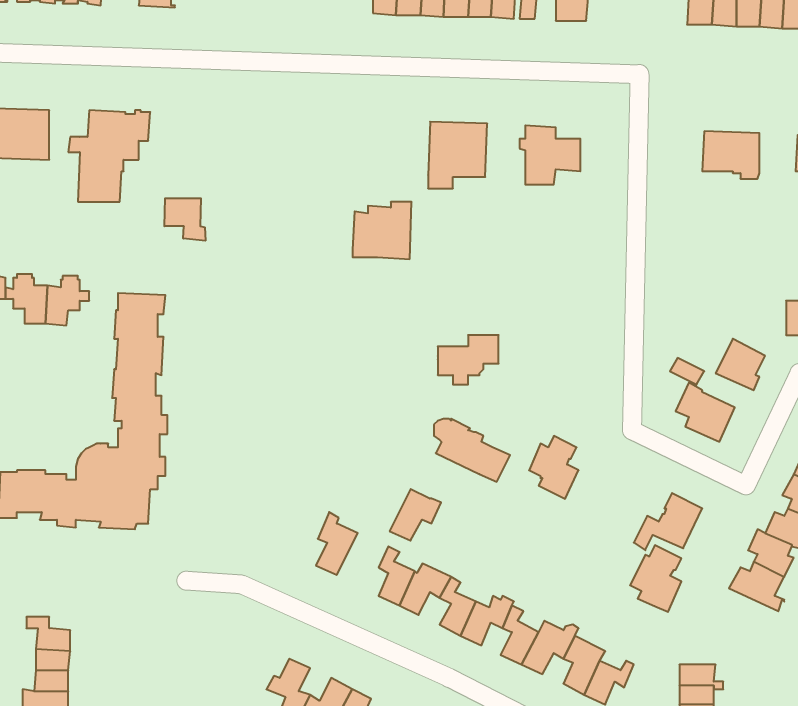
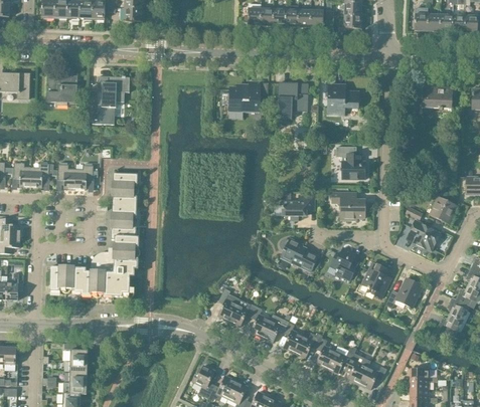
building: [164,198,205,241] -> none
building: [353,202,412,259] -> [228,81,260,112]
building: none -> [335,146,366,179]
building: none -> [332,192,364,219]
building: [390,489,441,541] -> [228,298,256,326]
building: [630,545,681,612] -> [361,262,388,297]

